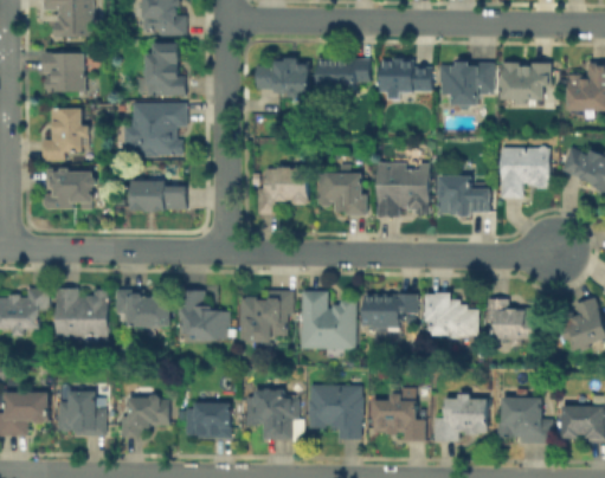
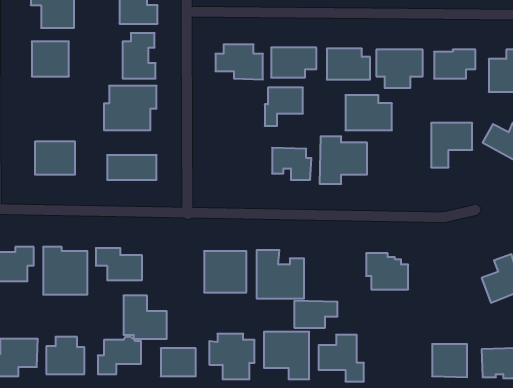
building: [41,106,81,161] -> none
building: [260,169,304,213] -> [265,88,303,126]
building: [437,176,490,217] -> [345,95,392,130]
building: [179,291,229,341] -> [123,296,167,339]
building: [365,296,414,327] -> [294,301,338,328]
building: [487,298,535,340] -> none
building: [436,398,488,443] -> none

